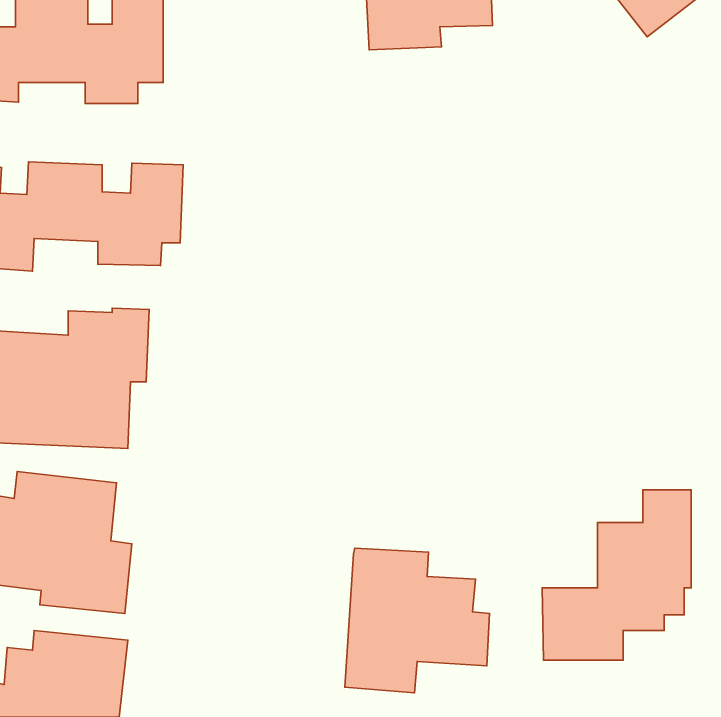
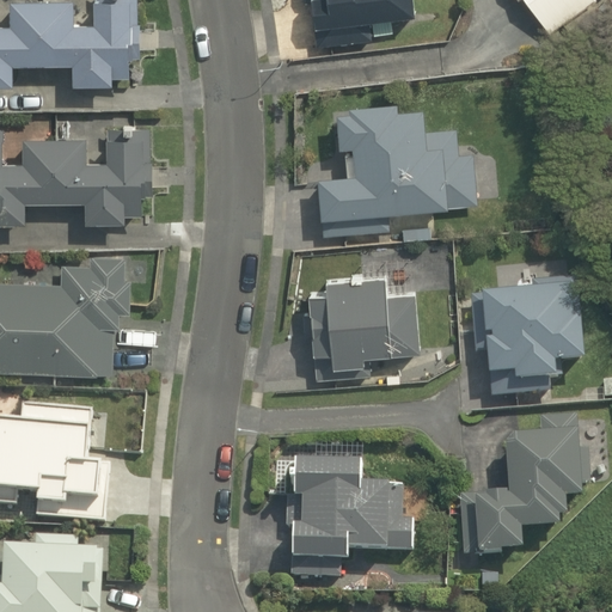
building: none -> [317,108,473,234]
building: none -> [469,273,582,399]
building: none -> [307,279,416,375]

